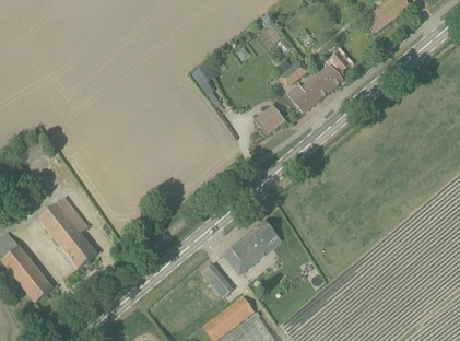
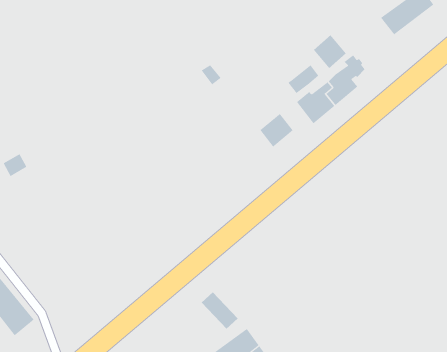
building: none -> [313,35,347,69]
building: [37,196,96,268] -> none
building: [223,220,274,273] -> none

